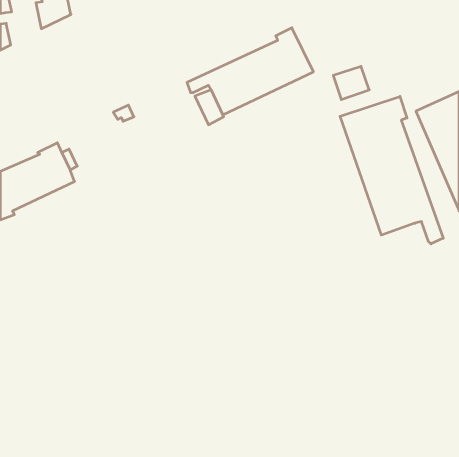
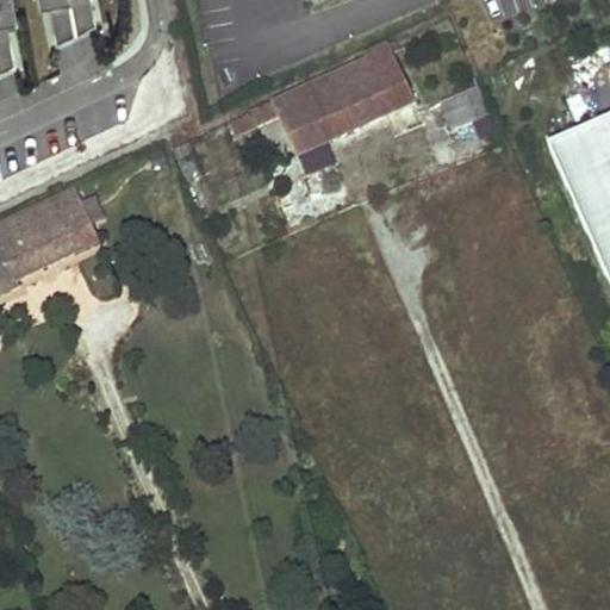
building: [340,96,443,244] -> none

